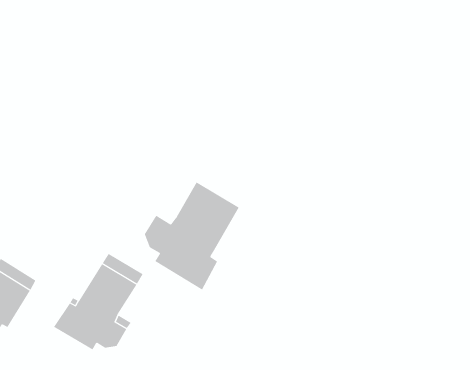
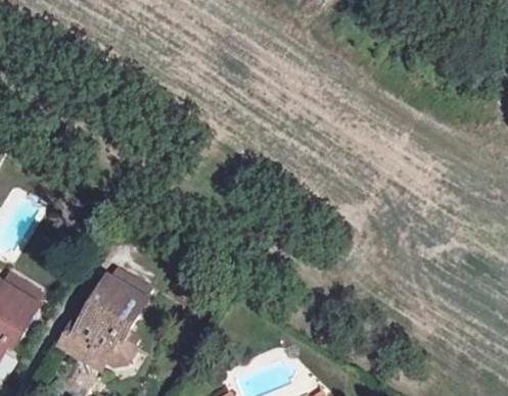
building: [144,181,240,290] -> none

